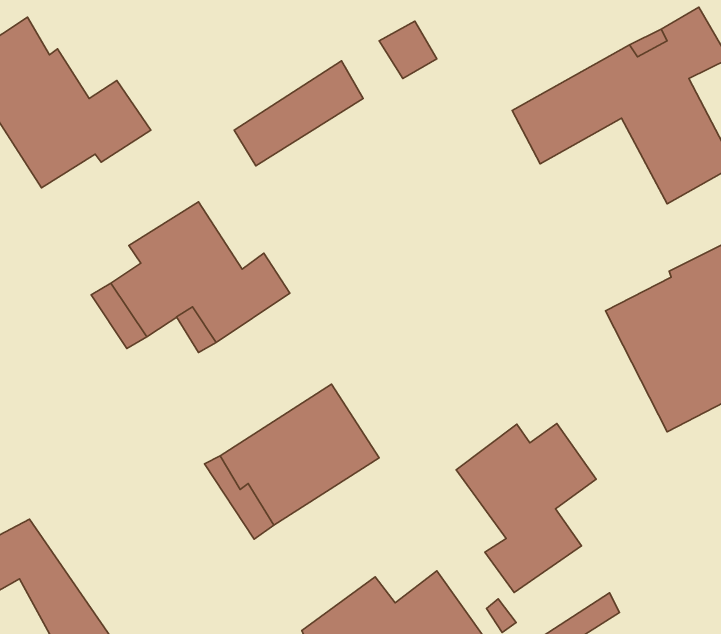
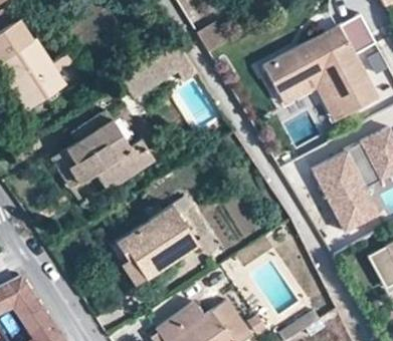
building: none -> [278,71,343,119]
building: [456,424,596,593] -> none

